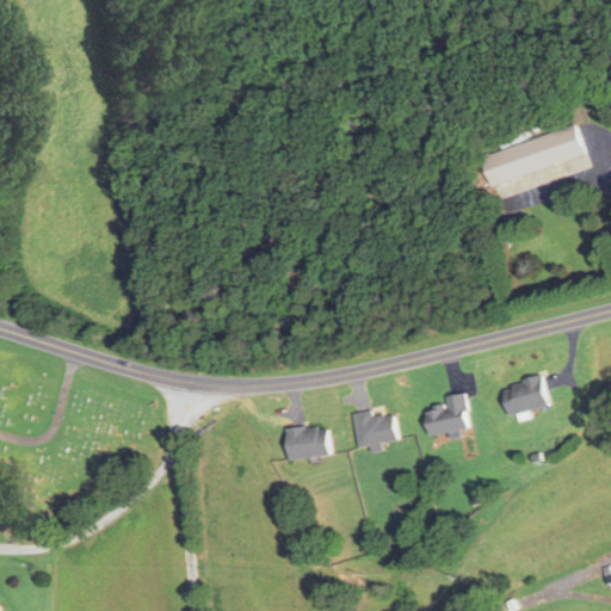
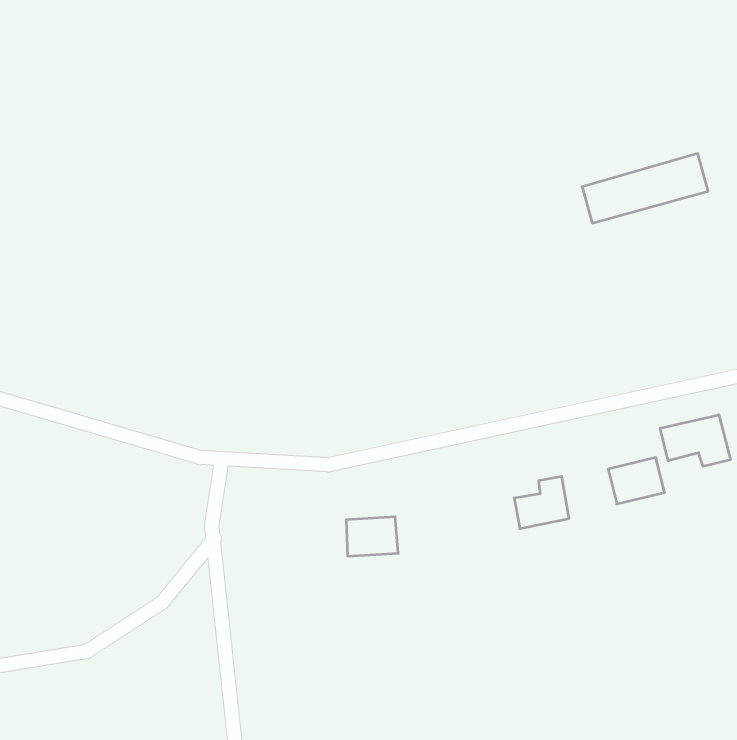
building: none -> [660,415,730,466]
building: [351,409,397,450] -> none

